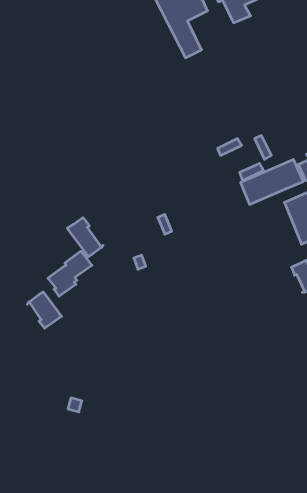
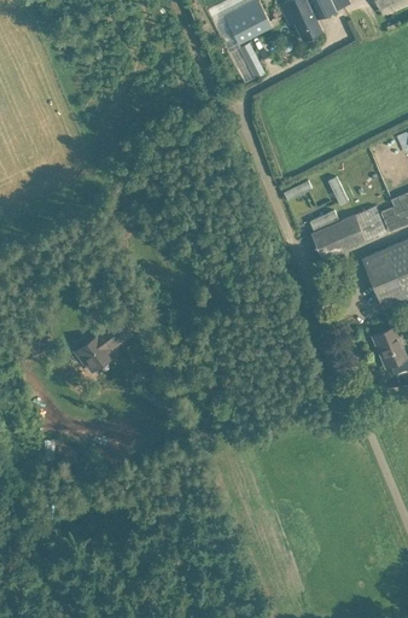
building: [67,218,103,257] -> none
building: [27,292,62,328] -> none

